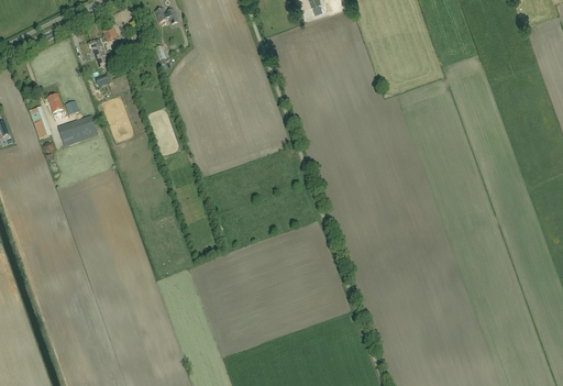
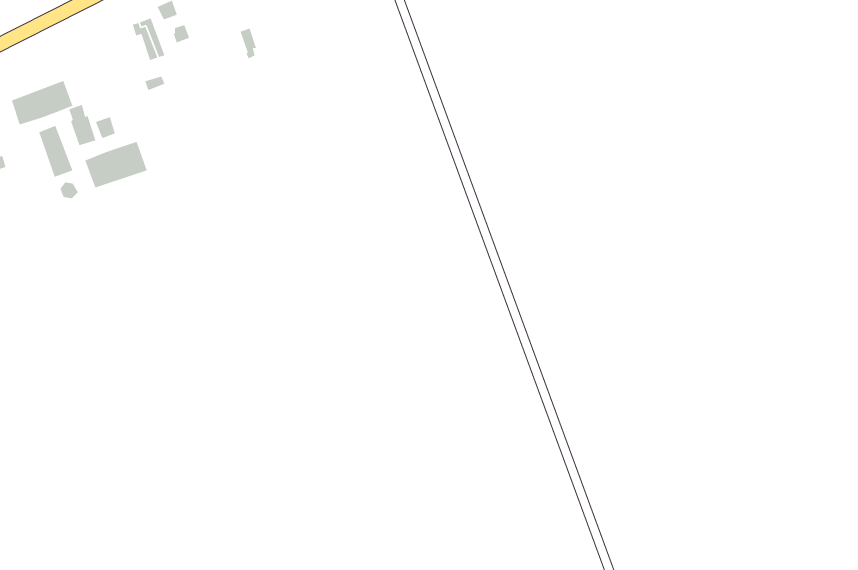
building: none -> [11,80,73,126]

